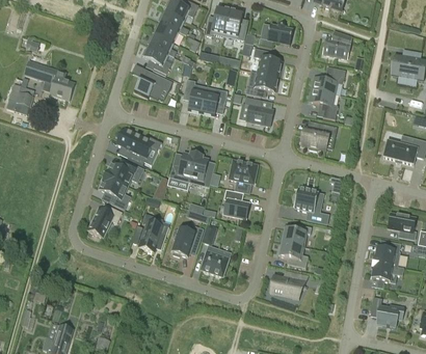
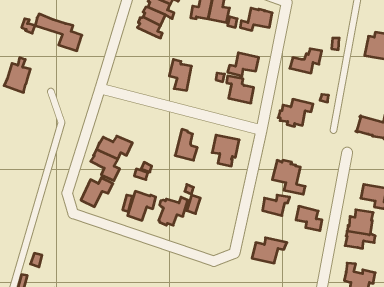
building: [323,30,351,58] -> none
building: [142,45,170,74] -> none
building: [254,48,282,77] -> none
building: [25,60,75,100] -> [35,14,82,51]
building: [134,70,172,98] -> none
building: [202,86,228,115] -> none
building: [310,88,338,119] -> none
building: [118,129,162,165] -> none
building: [169,153,196,182] -> none
building: [224,190,249,218] -> none
building: [279,241,308,267] -> [296,206,322,231]
building: [201,246,230,276] -> none

